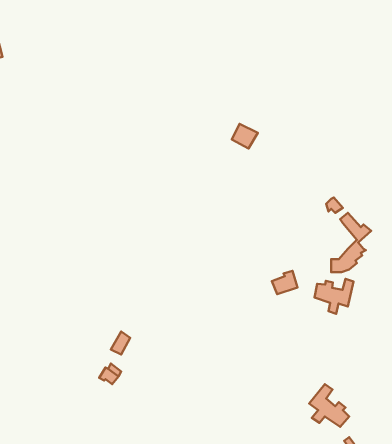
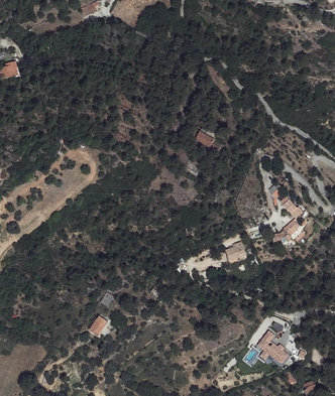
building: [315,279,353,314] -> none

